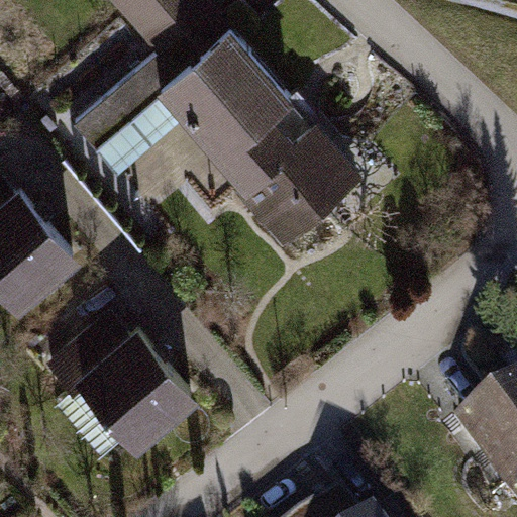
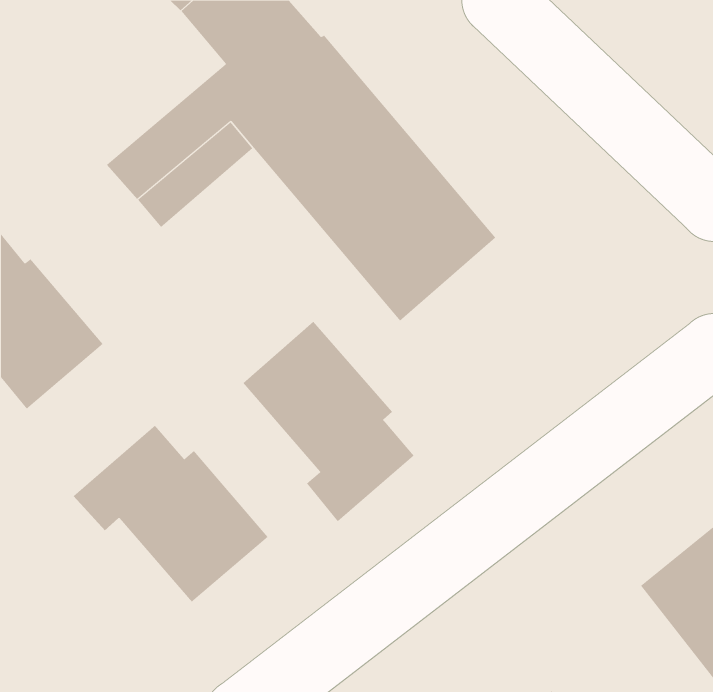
building: none -> [243,321,415,522]

